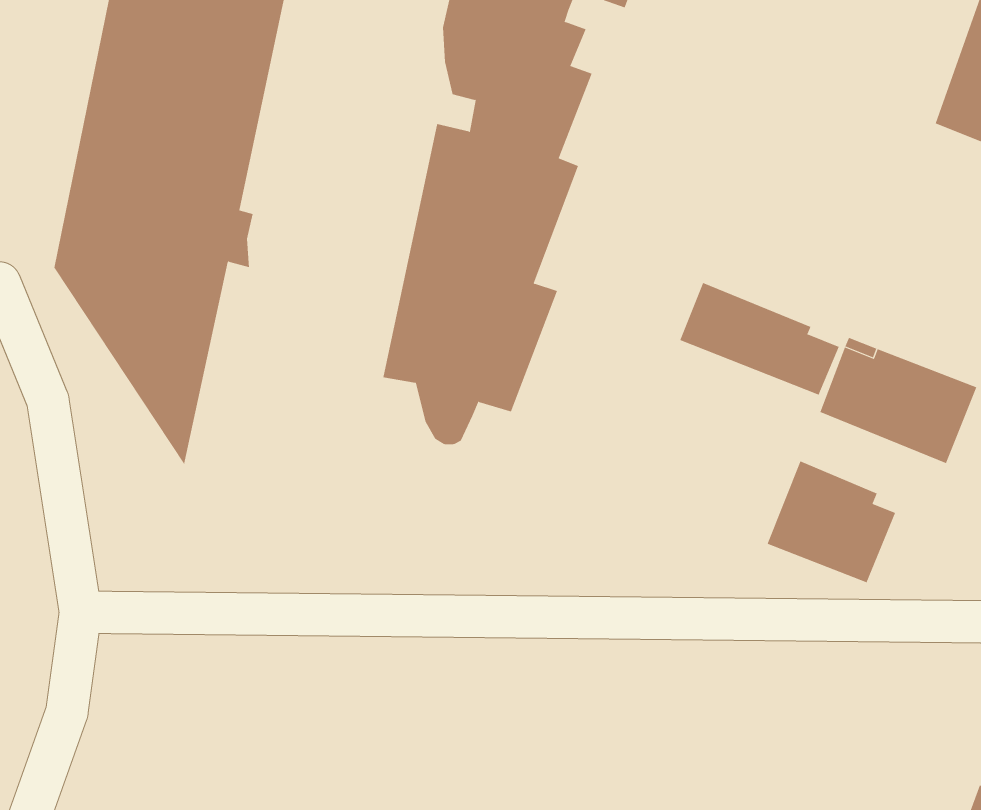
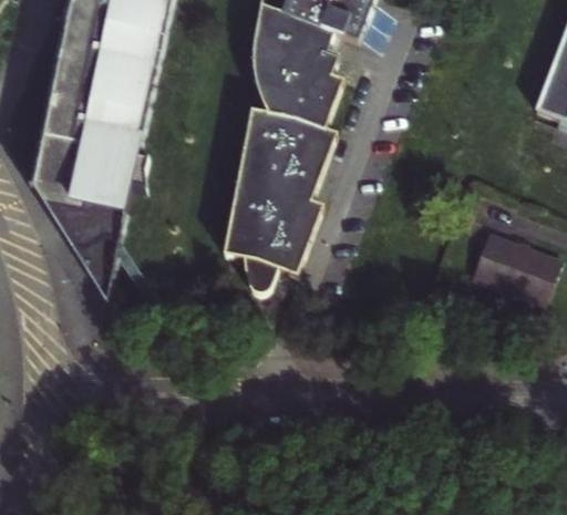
building: [679,282,840,395] -> none
building: [767,461,896,583] -> none

